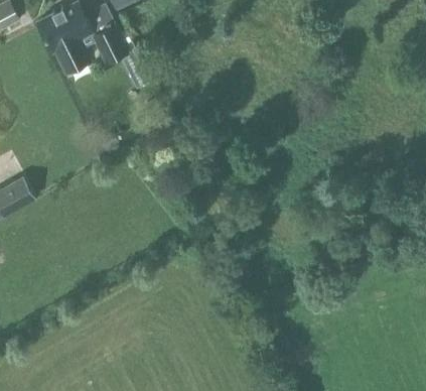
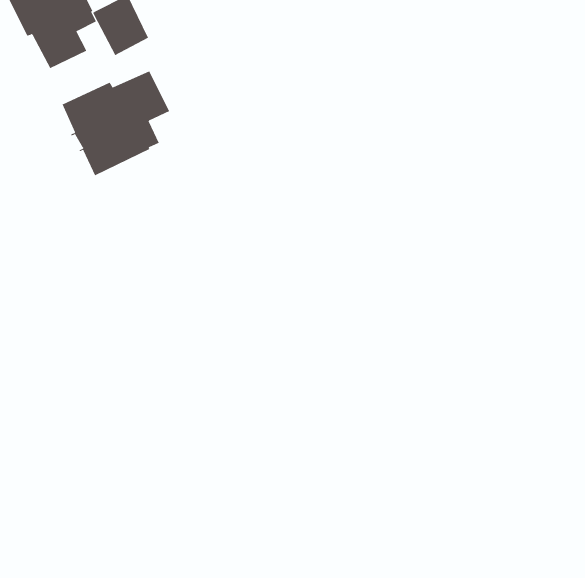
building: none -> [62,70,170,176]

